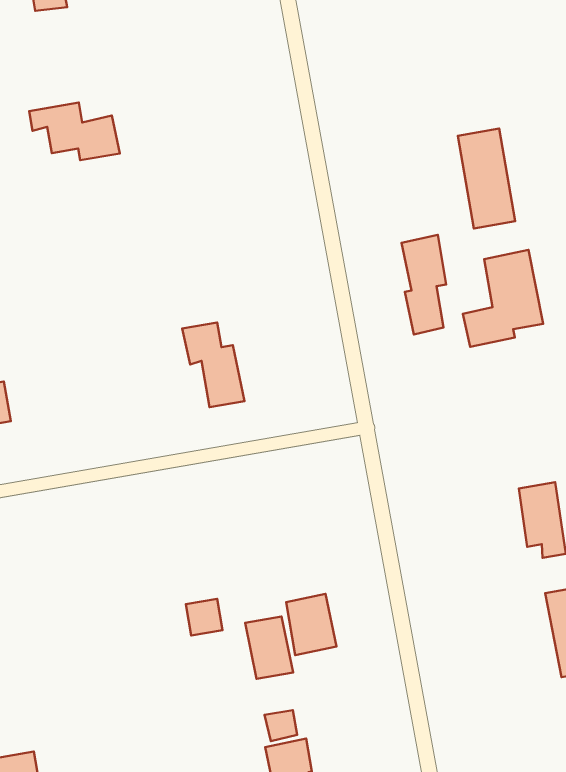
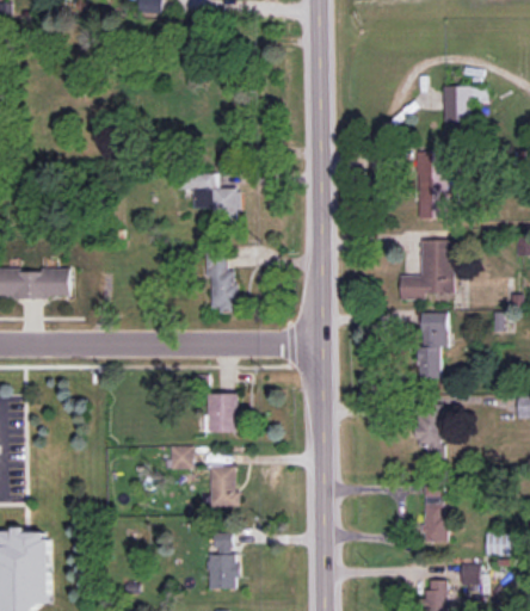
building: none -> [442,86,469,122]
building: [29,102,120,160] -> [181,175,240,216]
building: [402,235,446,334] -> [417,313,446,379]
building: [286,594,336,655] -> [209,394,239,433]

